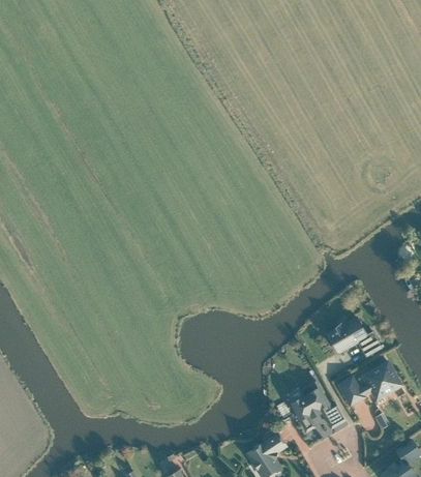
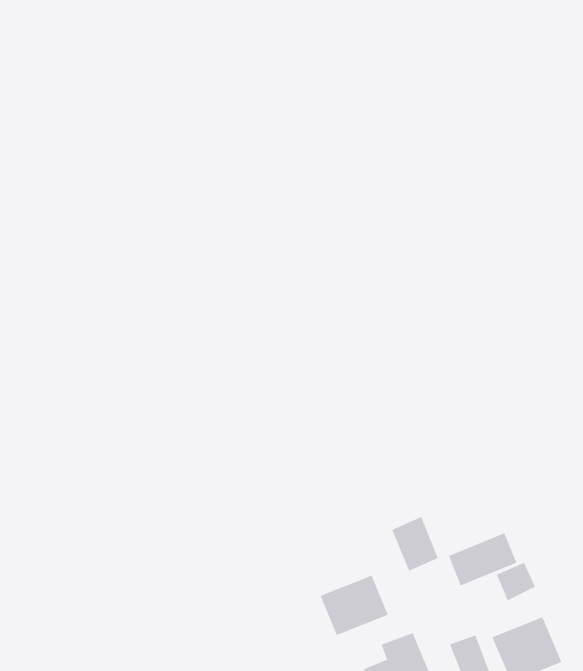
building: none -> [392,516,439,572]
building: none -> [320,575,389,636]

